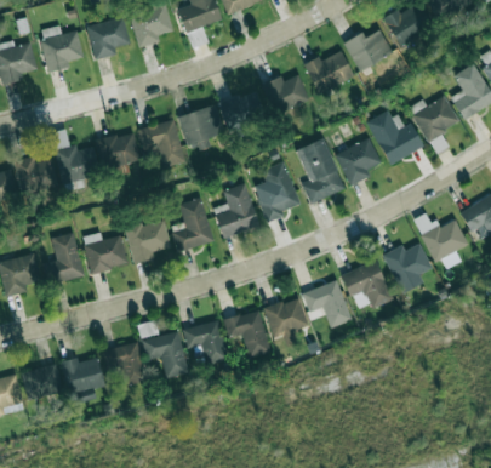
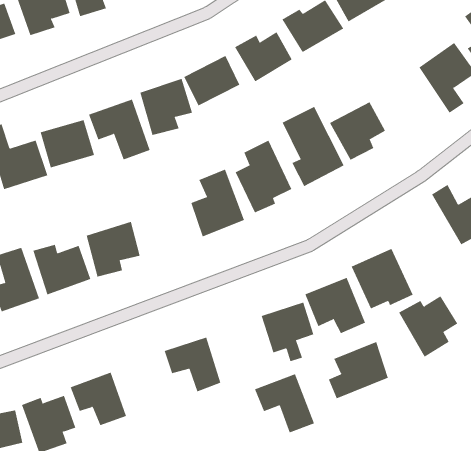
building: [366,108,423,165] -> none
building: [172,198,213,252] -> none
building: [383,244,432,293] -> [398,296,458,357]
building: [223,309,270,358] -> [254,374,315,433]
building: [142,331,188,377] -> none
building: none -> [328,341,388,399]

